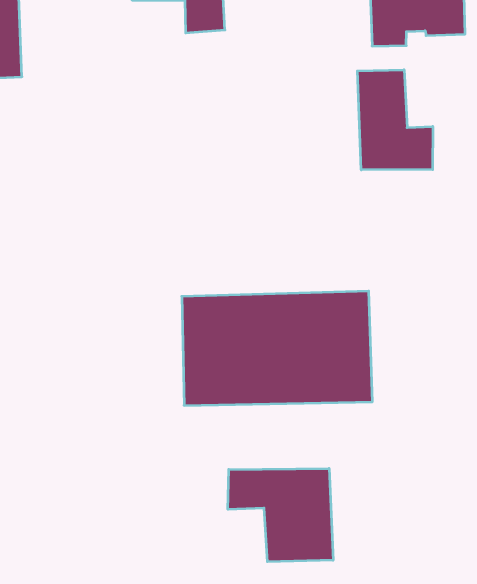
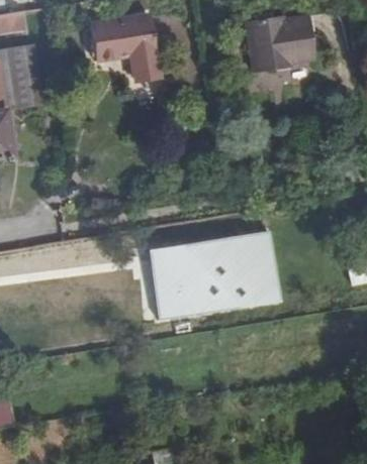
building: [357,70,433,170] -> none
building: [228,468,333,562] -> none

